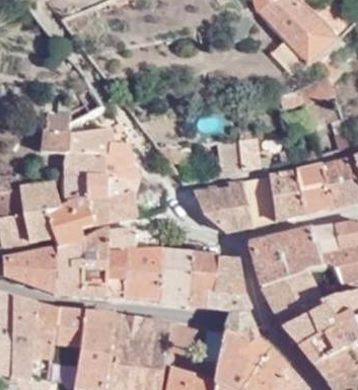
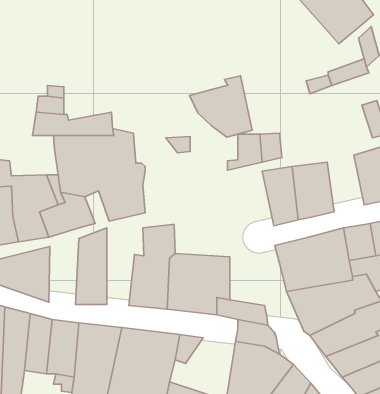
building: [298,164,331,214] -> none
building: [197,178,252,232] -> [190,76,252,137]
building: [105,227,138,296] -> none
building: [55,237,81,295] -> none
building: [213,253,243,296] -> none

